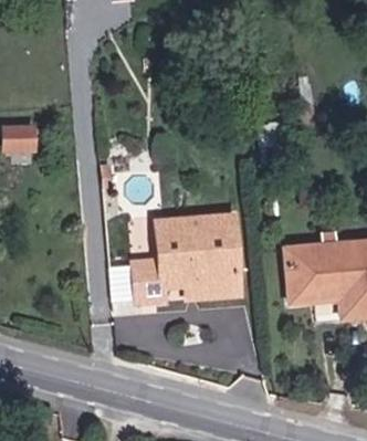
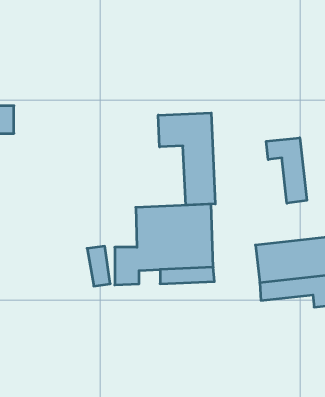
building: none -> [158,113,215,205]
building: none -> [266,138,307,203]

